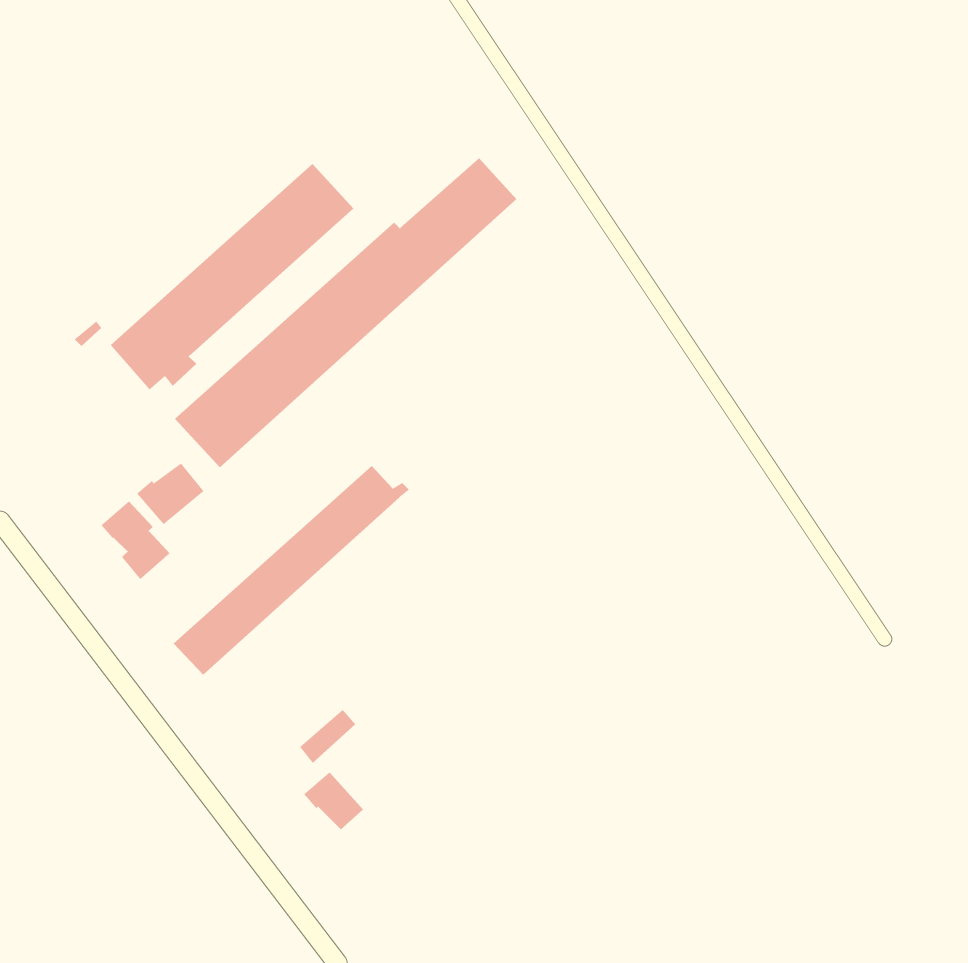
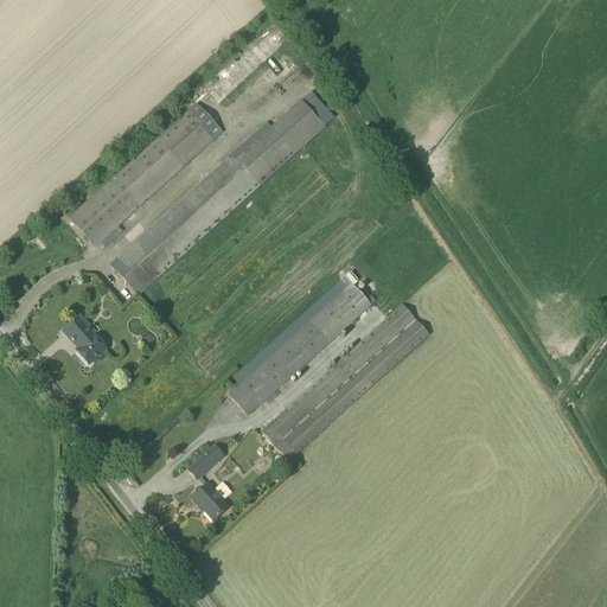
building: [136,463,204,525] -> none
building: [173,465,410,676] -> [228,282,376,414]
building: none -> [261,302,428,459]

